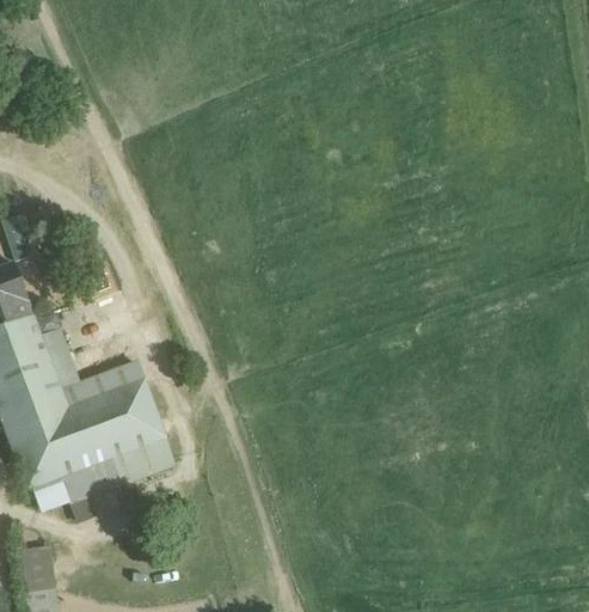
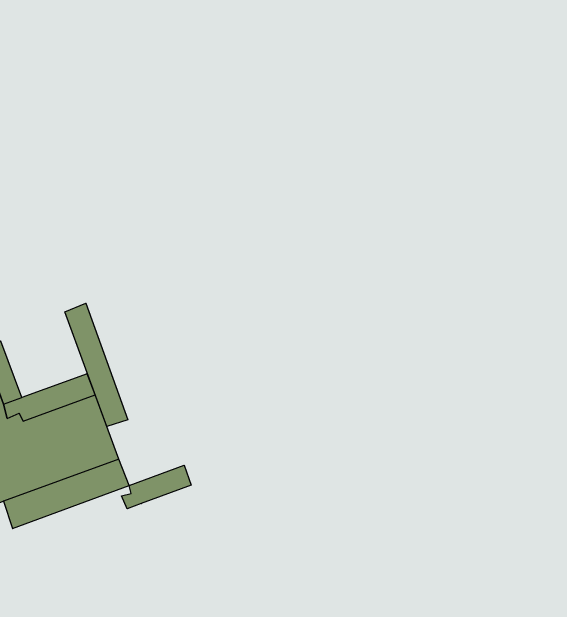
building: none -> [65,303,128,427]
building: none -> [122,465,191,509]

